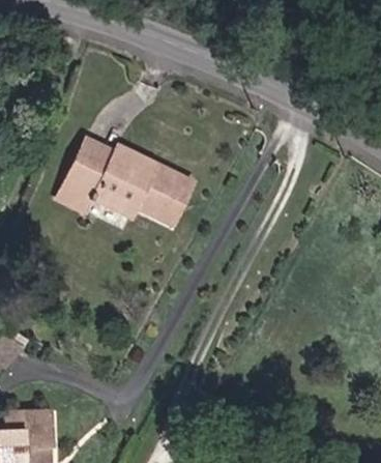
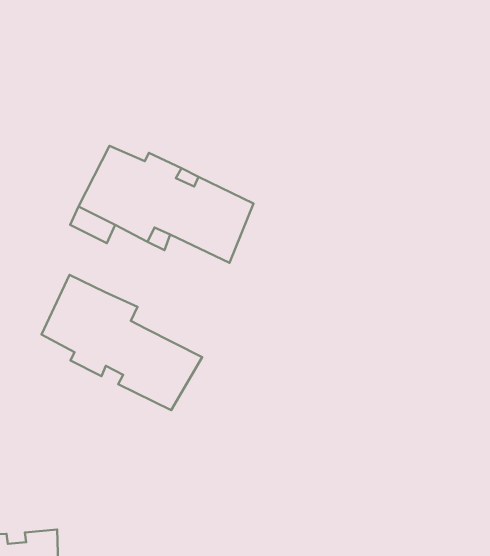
building: none -> [42,275,202,410]

